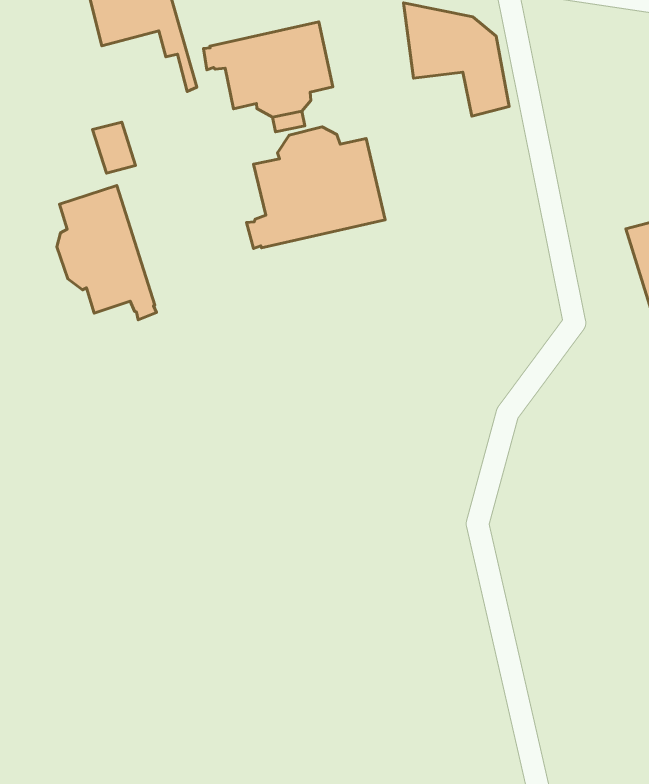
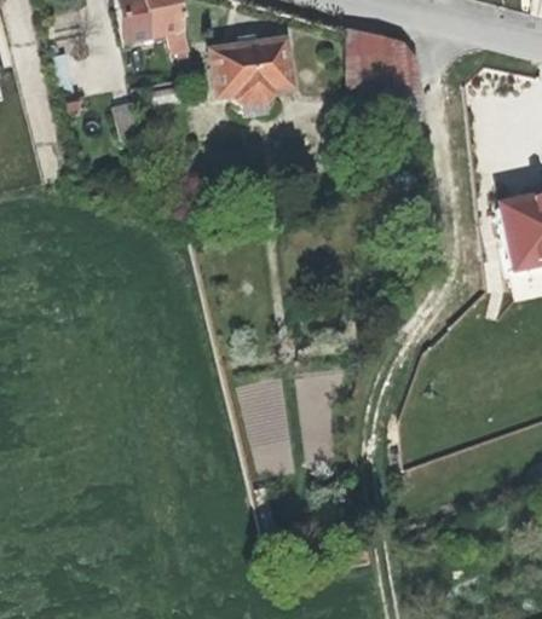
building: [246,127,385,248] -> none
building: [57,185,156,320] -> none

